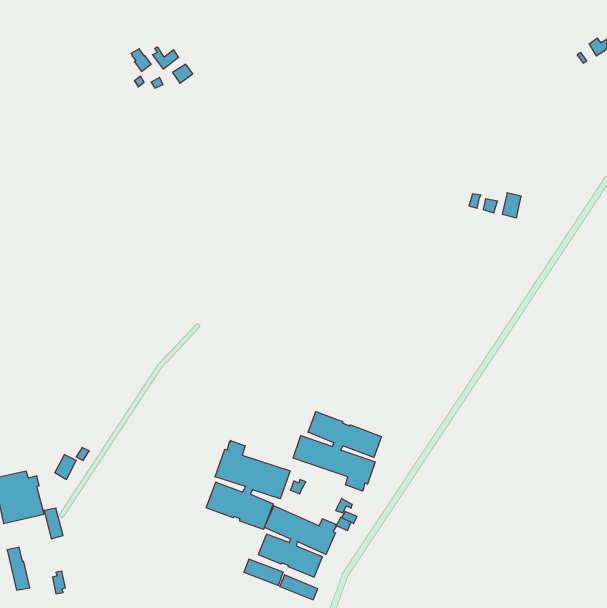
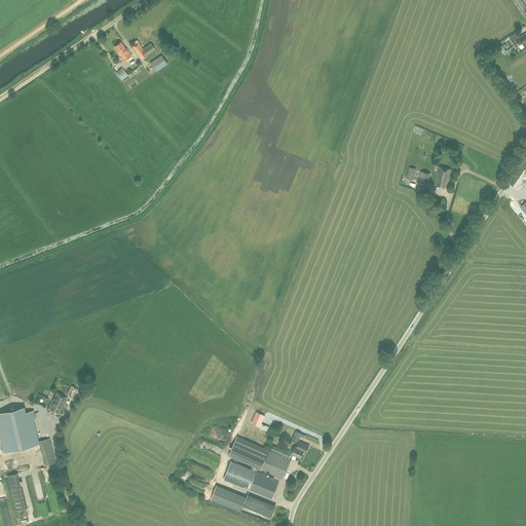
building: [293,412,381,491] -> none
building: [206,440,290,529] -> none

